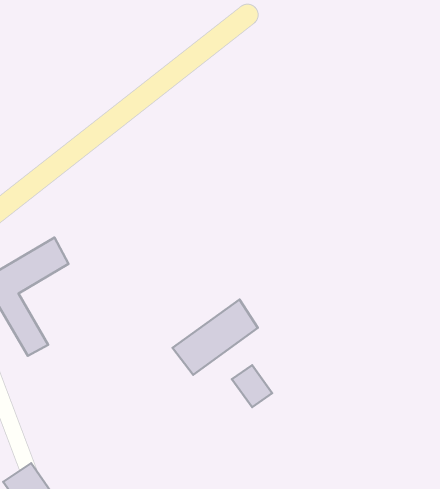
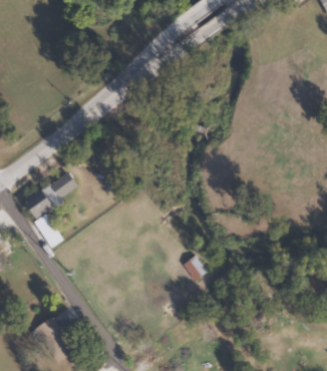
building: [172,299,258,375] -> none

